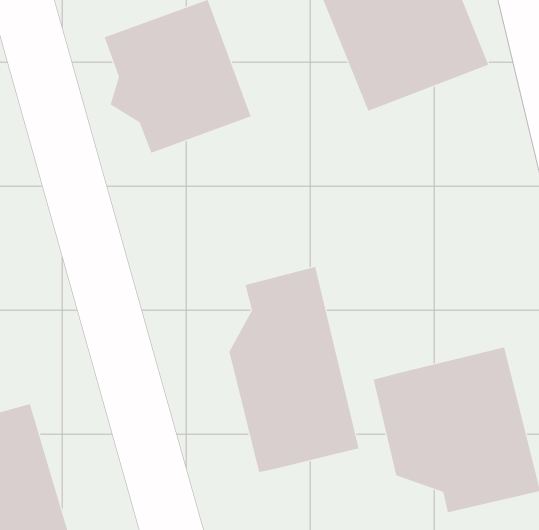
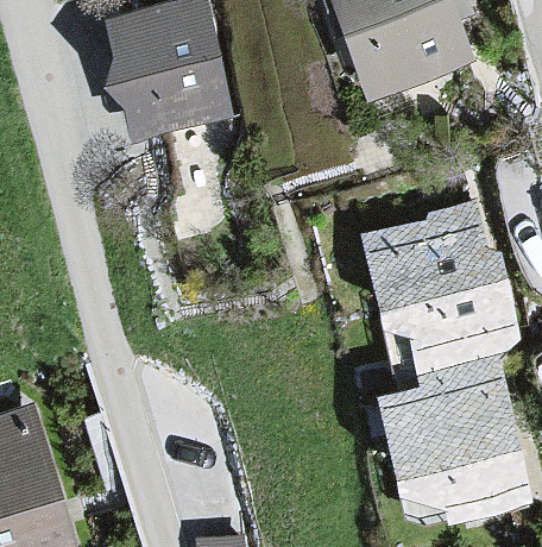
building: none -> [358,193,519,371]
building: [229,266,359,473] -> none

